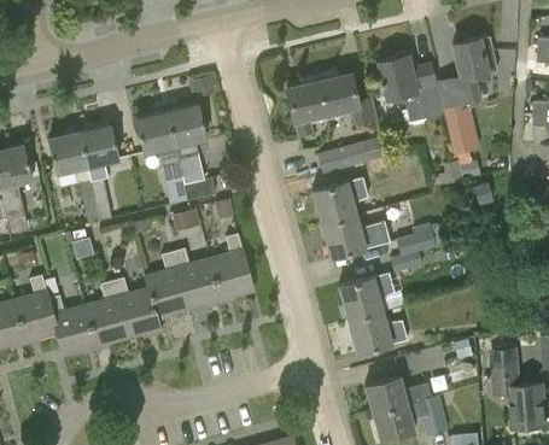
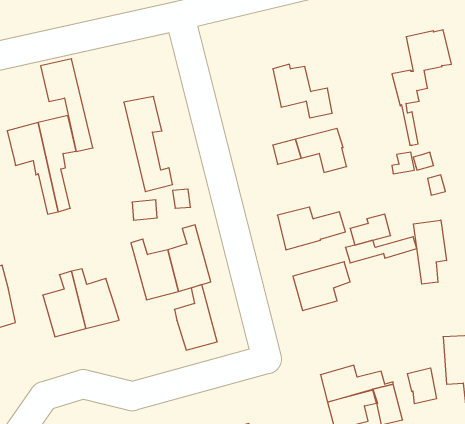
building: [378,55,446,127] -> none
building: [286,76,326,136] -> none
building: [135,110,188,204] -> [41,59,93,152]
building: [313,177,368,224] -> none
building: none -> [413,220,446,284]
building: [146,252,189,318] -> [174,285,217,350]
building: [49,295,97,356] -> none
building: [347,311,408,355] -> none
building: none -> [407,368,436,404]

